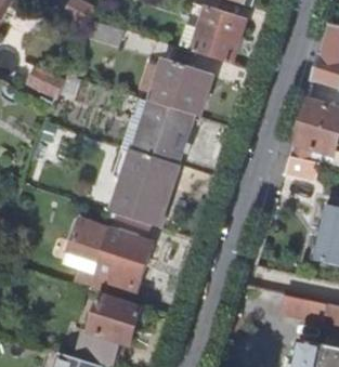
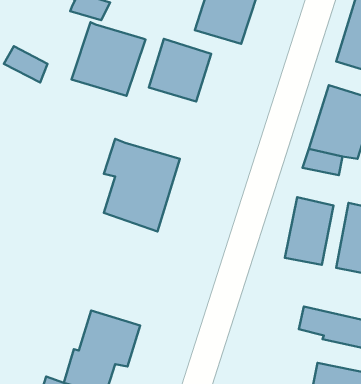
building: [130,100,194,163] -> [72,22,145,96]
building: none -> [285,197,333,265]
building: [77,221,153,300] -> none

